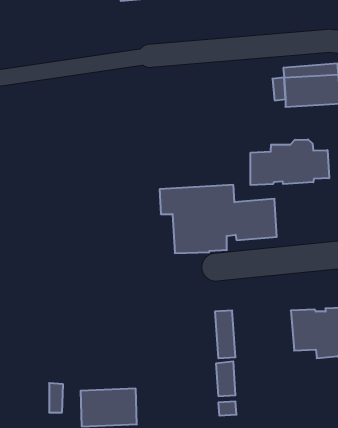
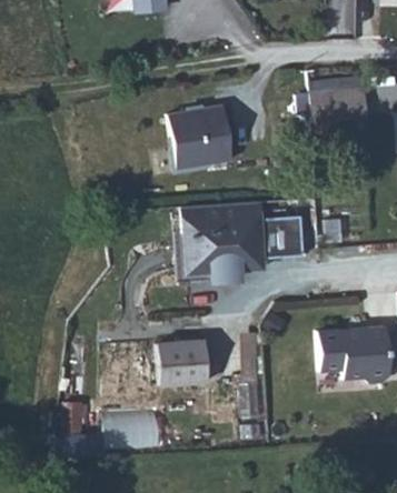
building: none -> [167,104,231,169]
building: [251,139,329,185] -> none
building: none -> [156,340,207,384]

